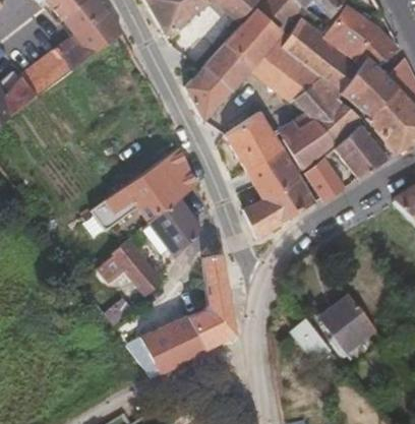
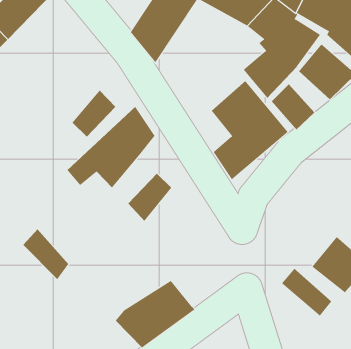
building: [228,108,286,168] -> none
building: [146,199,190,242] -> [71,90,116,138]
building: [113,246,154,297] -> [22,228,69,280]
building: [188,255,232,347] -> none

